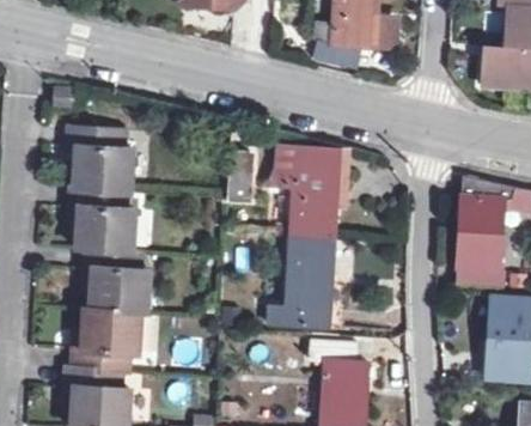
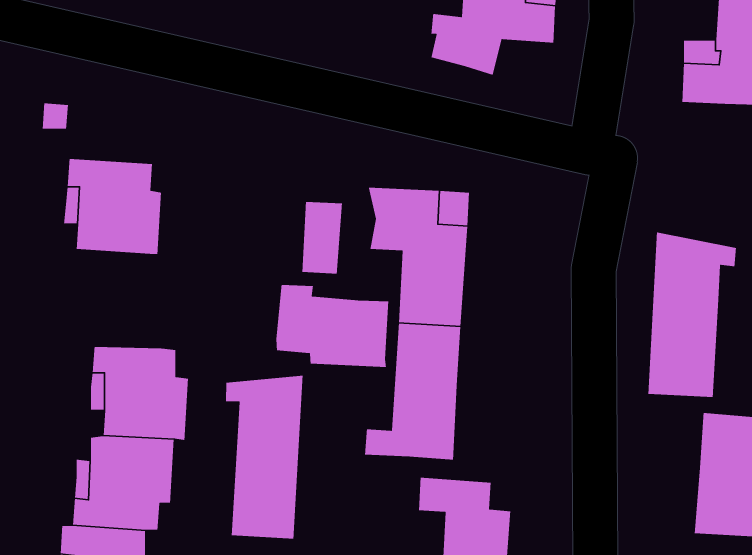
building: [71,187,135,252] -> none
building: none -> [276,284,389,368]
building: none -> [225,375,303,539]

